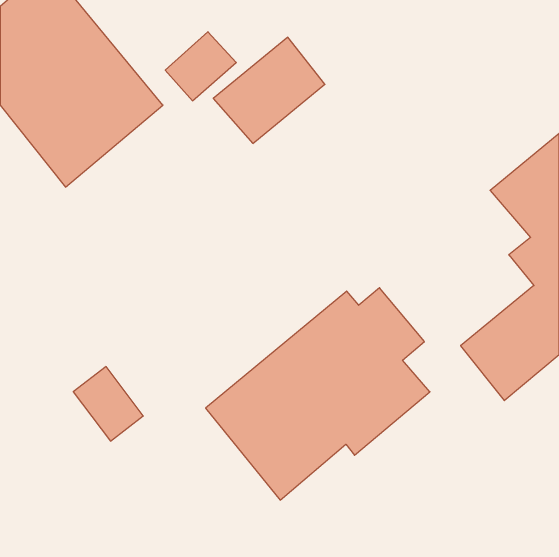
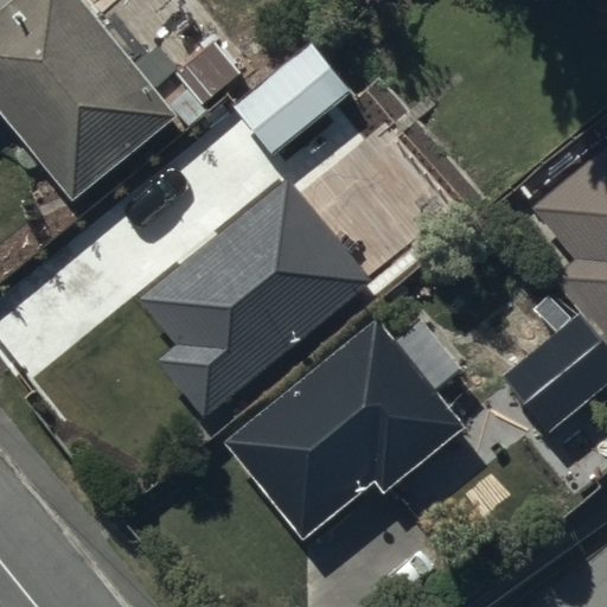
building: none -> [136,177,372,417]

